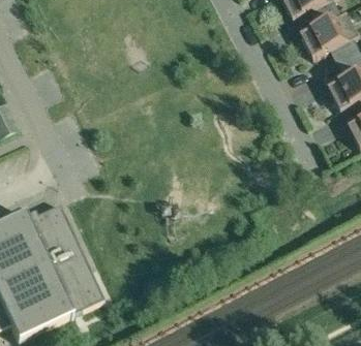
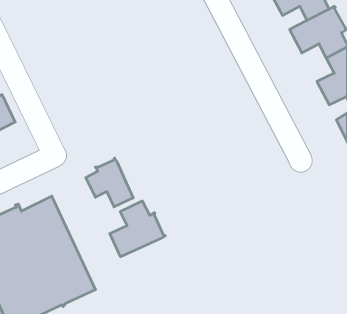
building: none -> [86,158,133,207]
building: none -> [110,201,165,257]

